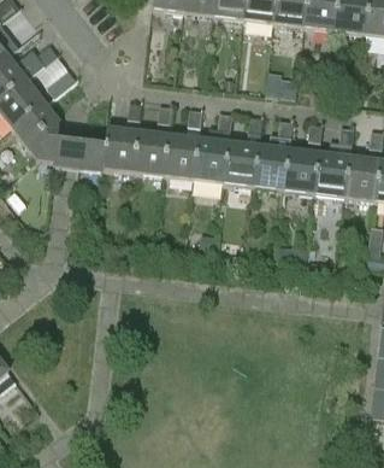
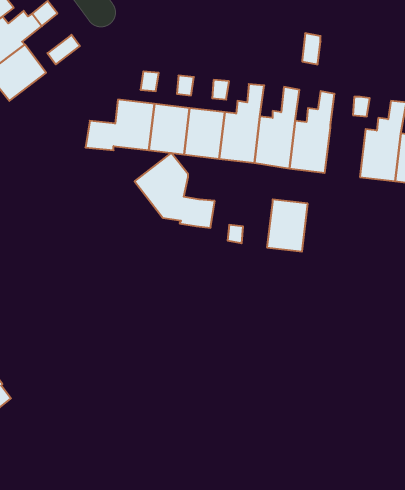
building: [14,104,83,168] -> [135,153,215,228]
building: [284,148,319,193] -> [267,199,308,252]

